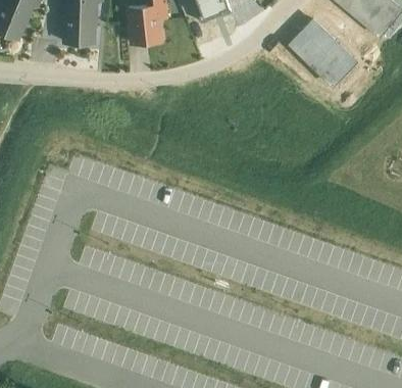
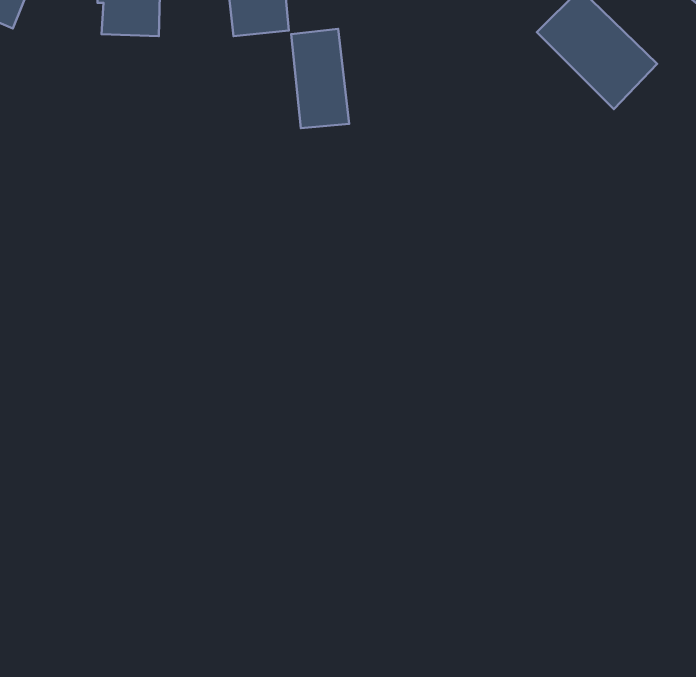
building: none -> [291,29,349,128]

